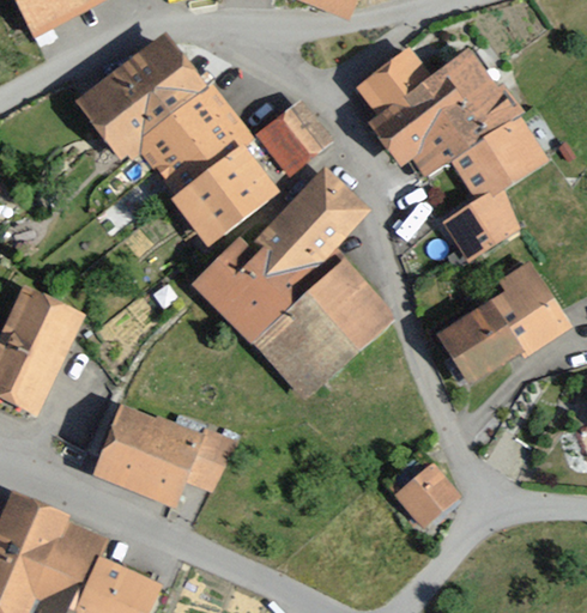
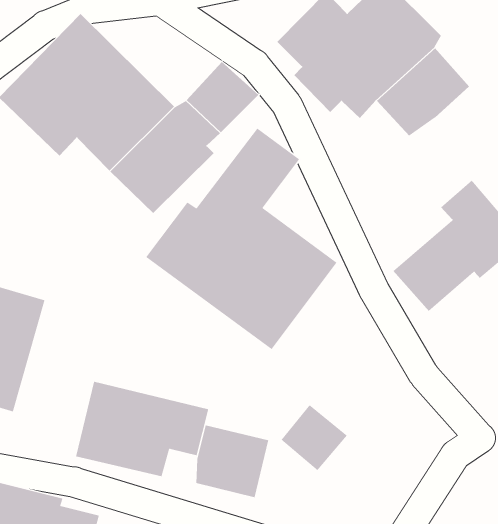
building: [444,190,525,262] -> none
building: none -> [196,425,269,498]
building: [397,465,465,533] -> [280,404,348,471]

